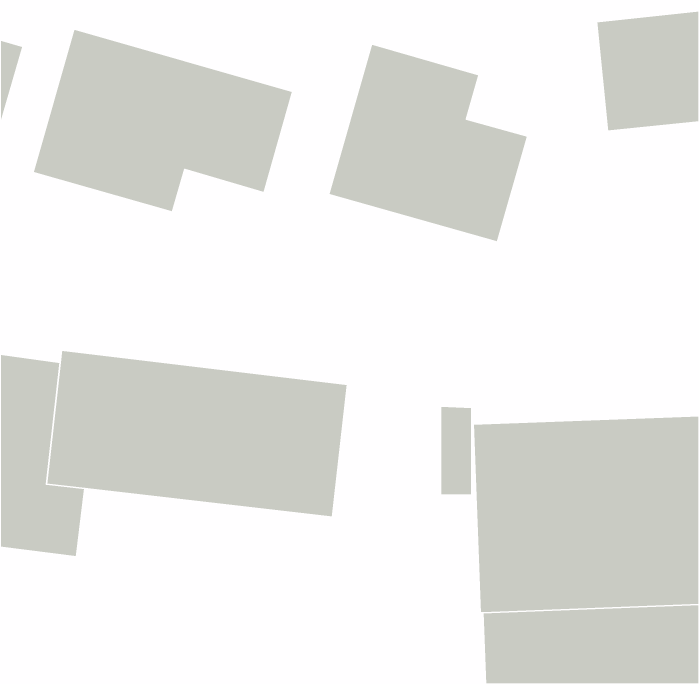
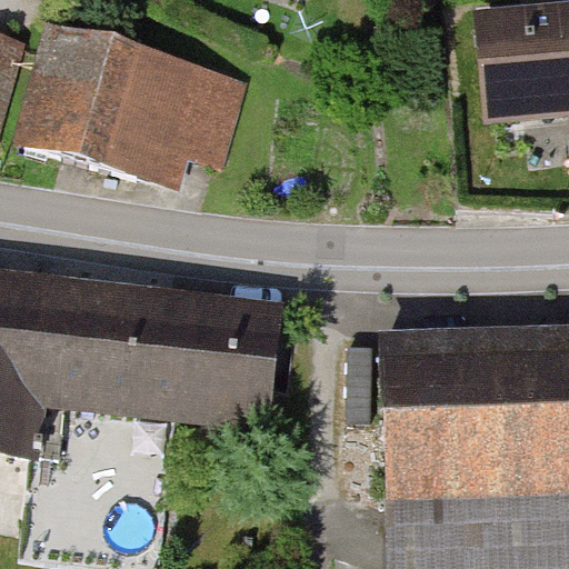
building: [329,44,528,242] -> none

